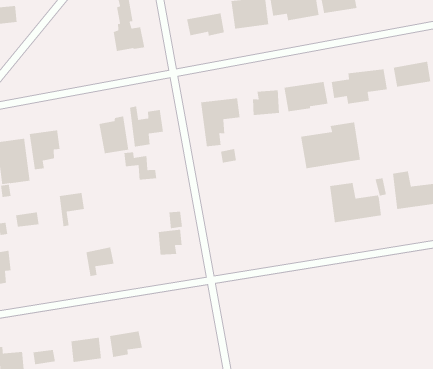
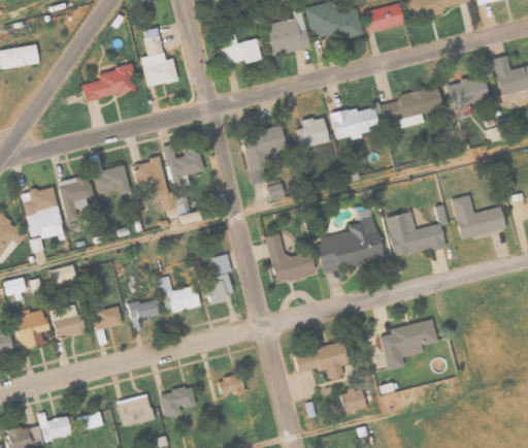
building: none -> [81,63,138,101]
building: [300,121,361,169] -> [317,218,384,273]
building: none -> [94,165,131,194]
building: [59,192,85,227] -> [94,306,123,345]
building: none -> [265,232,315,283]
building: none -> [157,276,199,314]
building: none -> [53,303,87,338]
building: none -> [380,318,437,370]
building: none -> [293,341,350,378]
building: none -> [217,374,244,397]
building: none -> [338,387,366,412]

